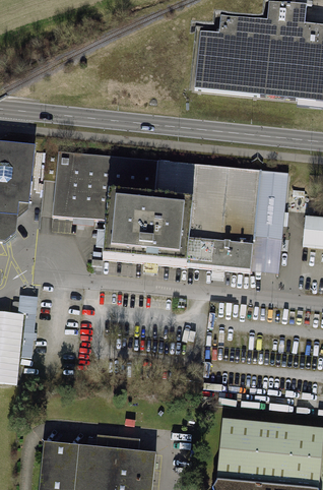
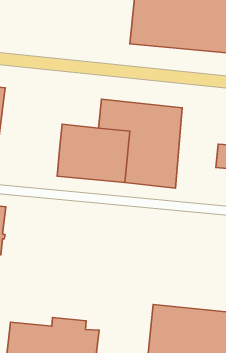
building: [53,149,158,220] -> none
building: [252,171,289,275] -> none

